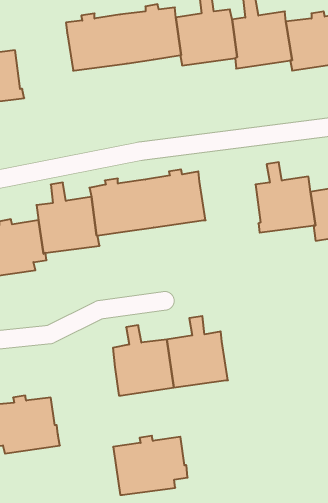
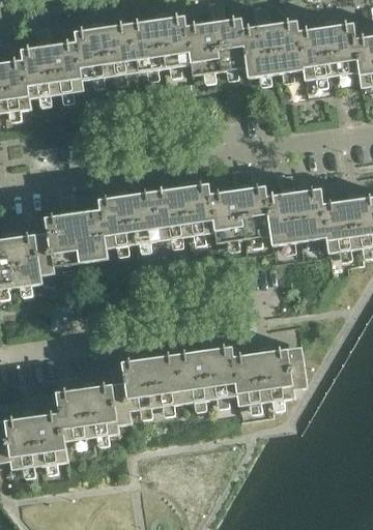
building: none -> [20,28,84,99]
building: none -> [209,171,271,243]
building: none -> [232,346,307,406]
building: [113,436,188,495] -> [55,381,131,441]

